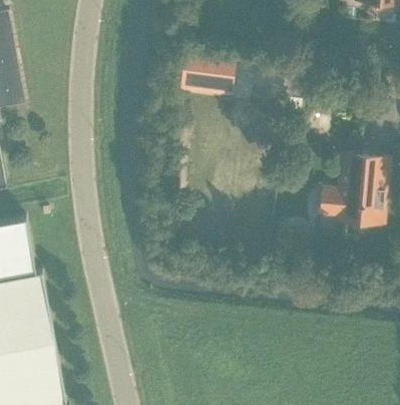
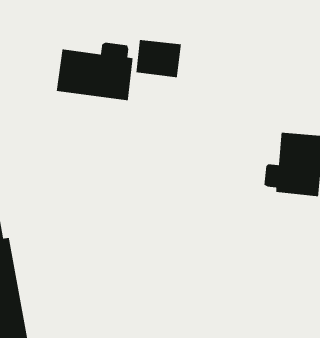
building: none -> [56,42,133,101]

